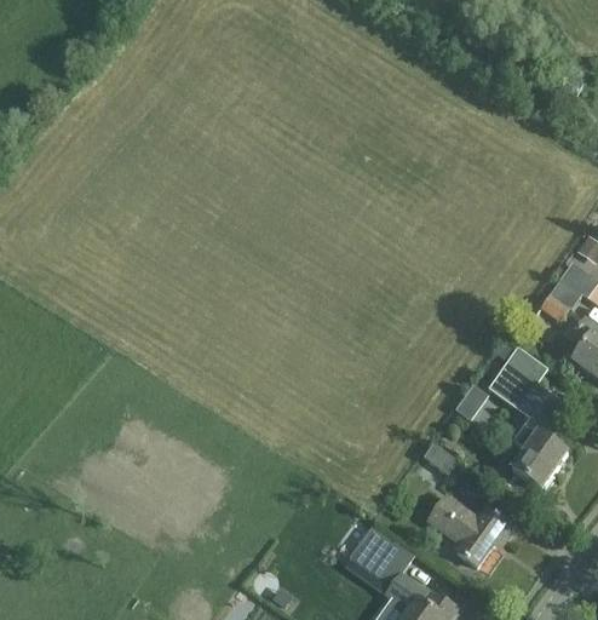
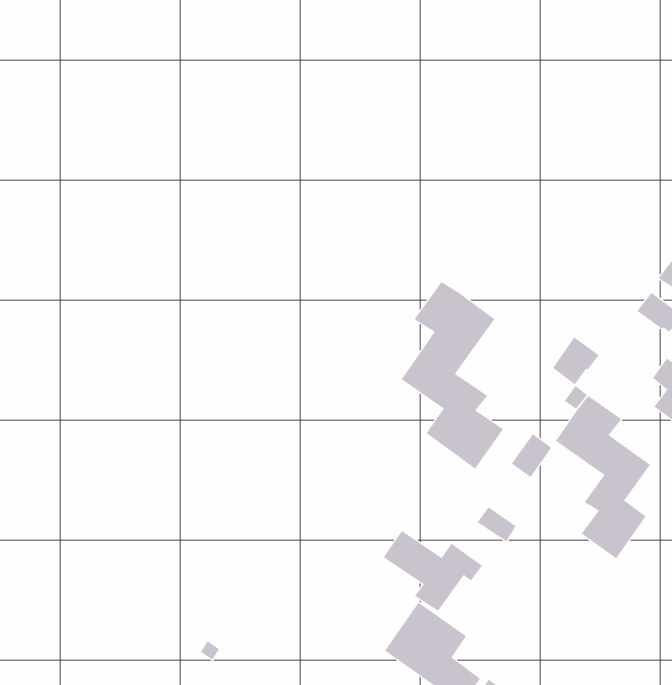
building: none -> [401,281,504,469]
building: [541,279,581,320] -> [552,337,599,385]
building: [430,496,514,566] -> [383,530,483,611]

